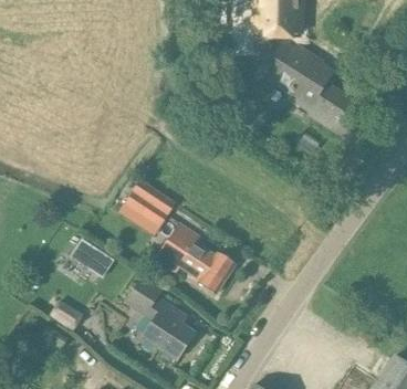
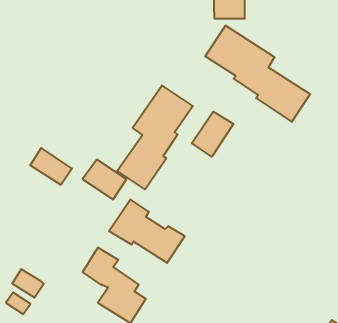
building: none -> [117,85,193,189]
building: none -> [192,112,234,157]
building: [70,238,115,277] -> [30,148,72,185]

